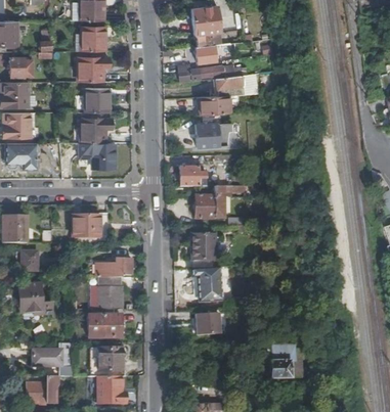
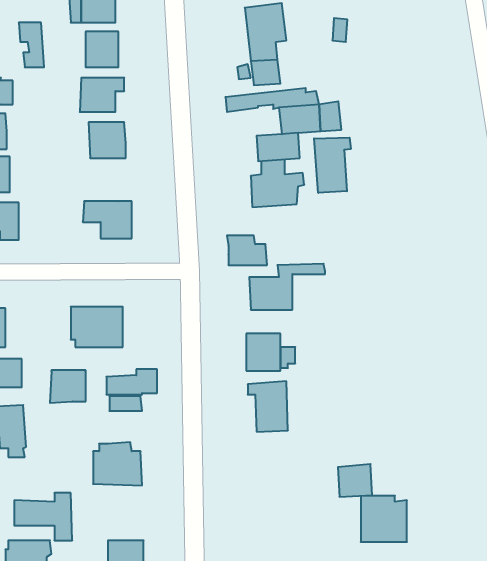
building: none -> [314,138,351,193]
building: [80,120,111,143] -> none
building: [97,287,122,310] -> [50,370,86,403]
building: [196,313,219,335] -> [338,464,372,497]
building: [97,350,122,376] -> none

